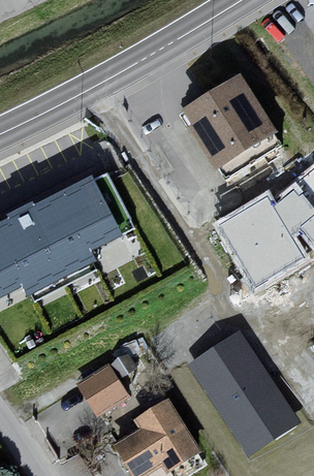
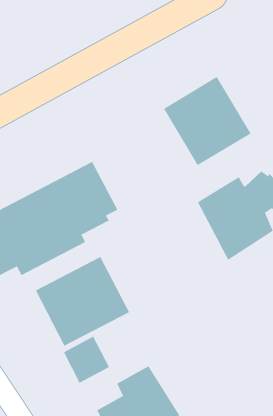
building: none -> [35,256,130,346]
building: [193,330,291,442] -> none

